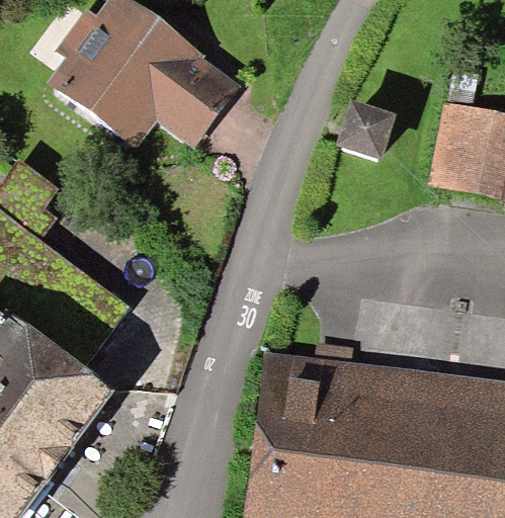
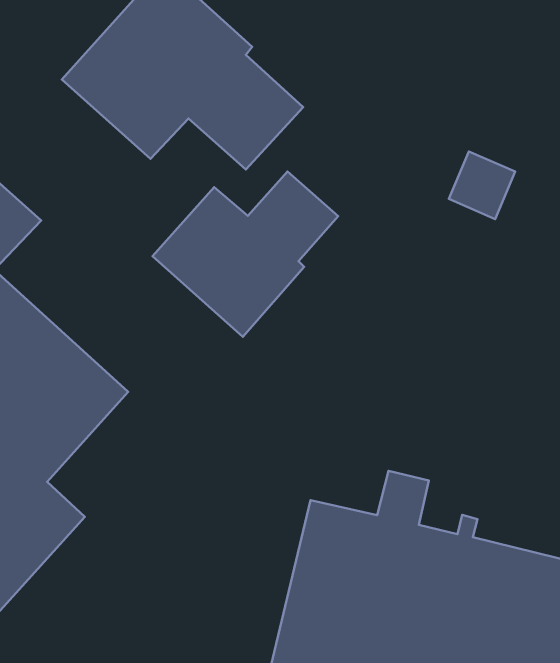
building: none -> [153,172,338,337]

